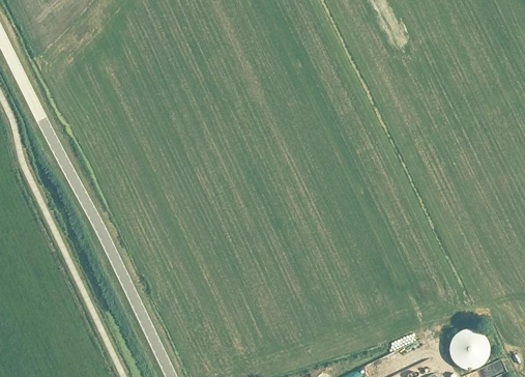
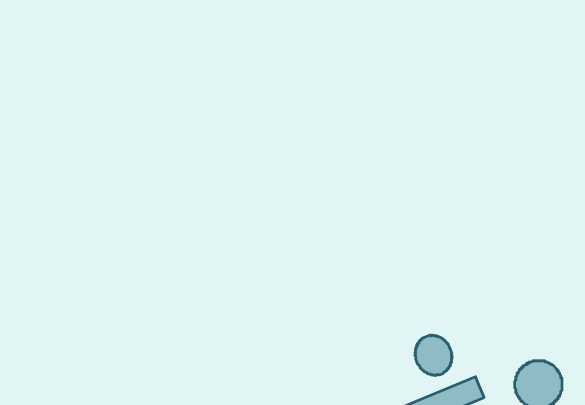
building: none -> [415,335,452,376]

